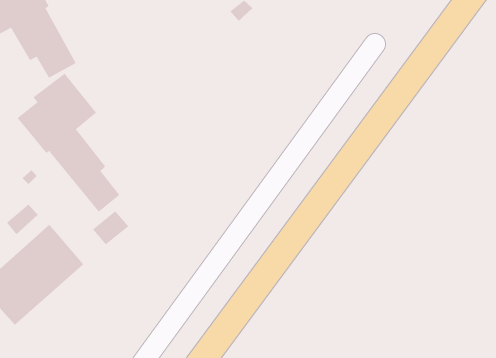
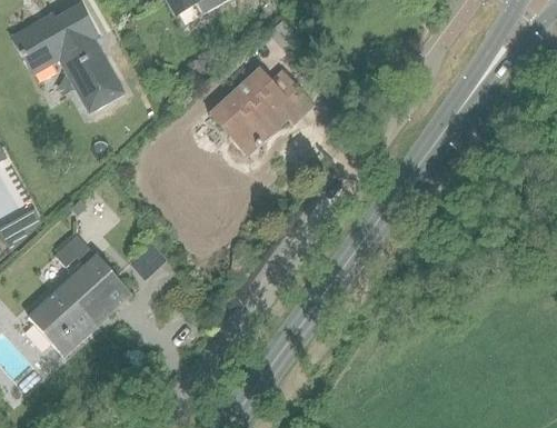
building: none -> [208,68,314,153]
building: [17,73,120,212] -> none

